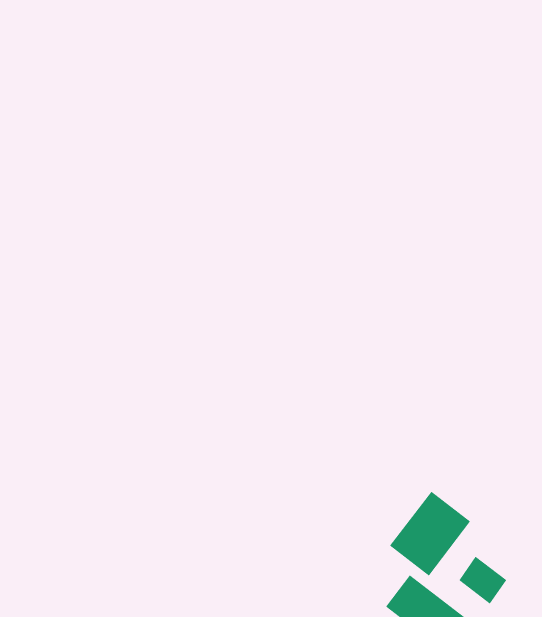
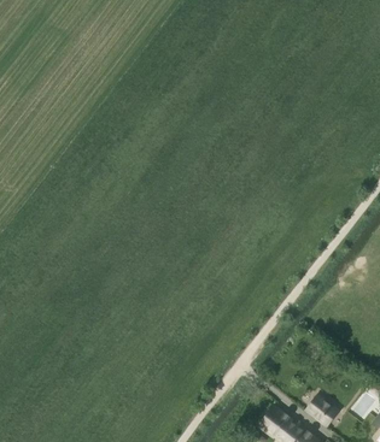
building: [389,491,471,576] -> none

